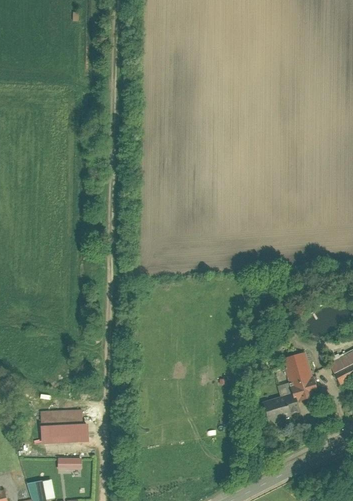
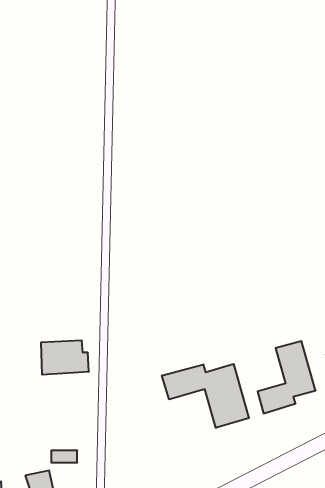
building: none -> [162,364,249,428]
building: [40,409,88,443] -> [41,341,89,375]

